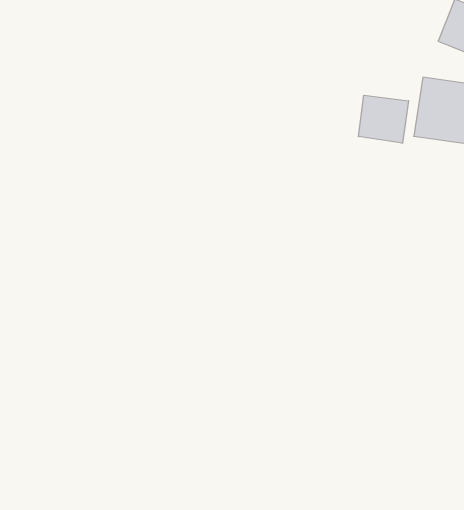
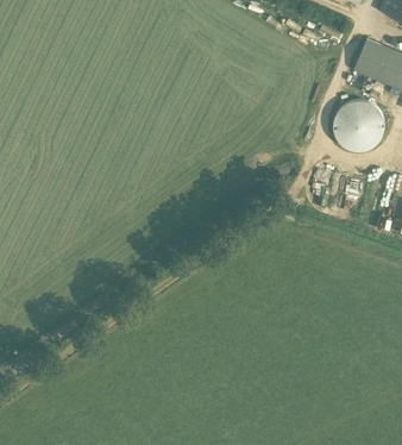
building: [358,95,409,143] -> none

